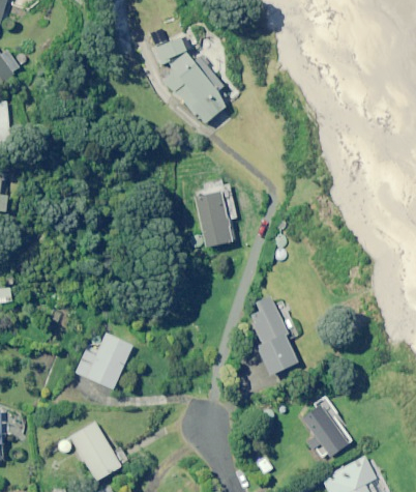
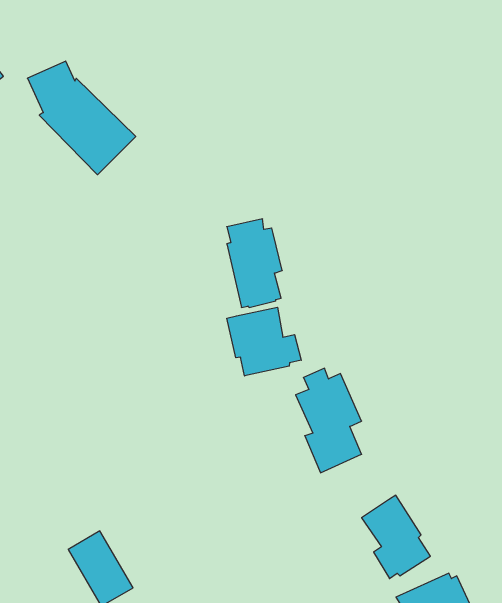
building: [150,36,235,125] -> [27,61,136,175]
building: none -> [227,307,301,376]
building: [77,335,133,389] -> none

